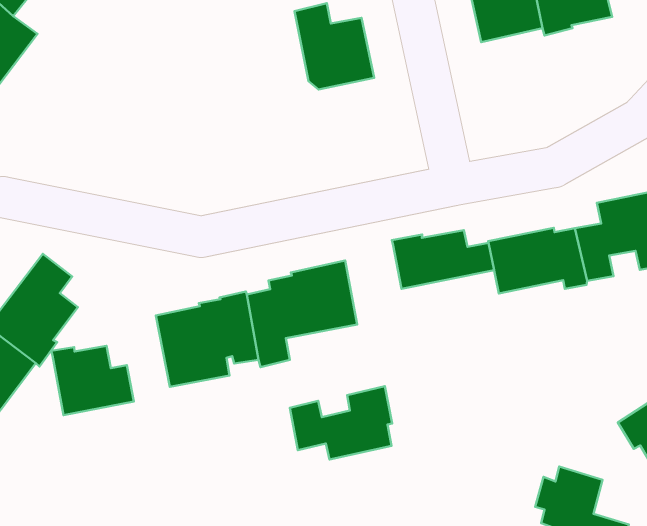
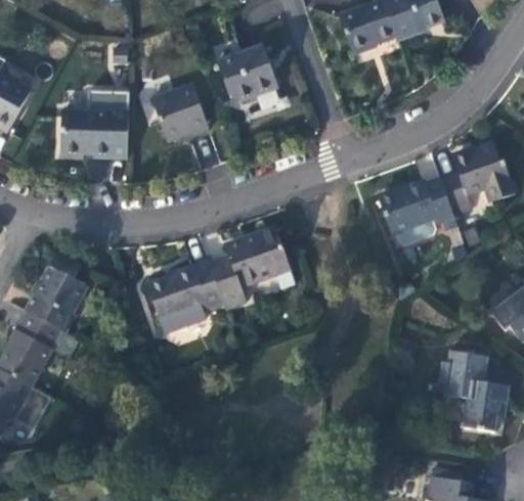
building: none -> [59,95,129,164]
building: none -> [150,87,209,145]
building: [392,230,494,289] -> none
building: [51,346,134,415] -> none
building: [290,386,392,460] -> none

